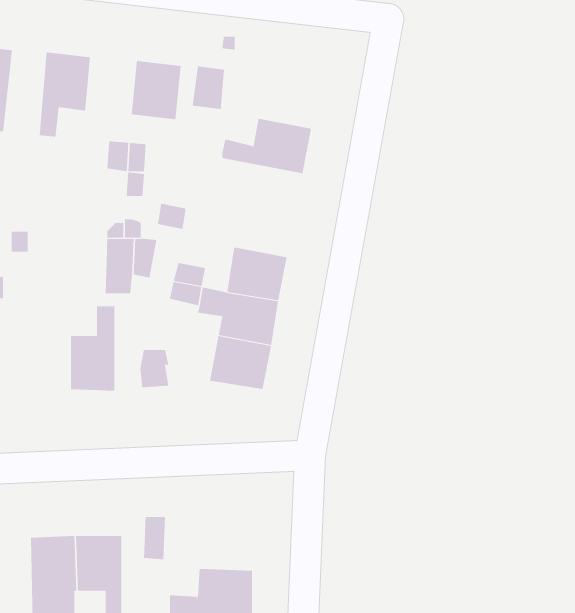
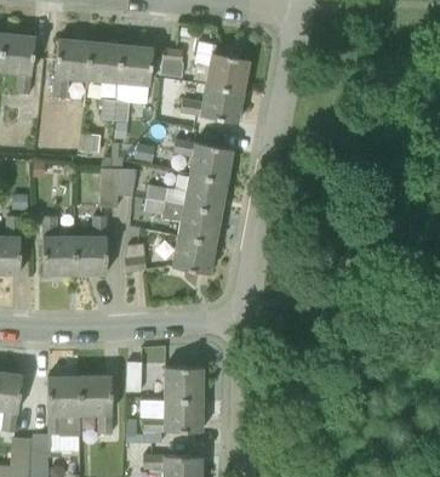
building: none -> [86,41,121,81]
building: none -> [192,53,248,91]
building: none -> [173,138,233,181]
building: none -> [42,215,75,273]
building: none -> [165,367,202,399]

